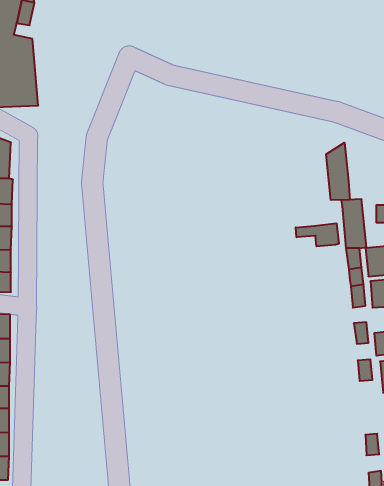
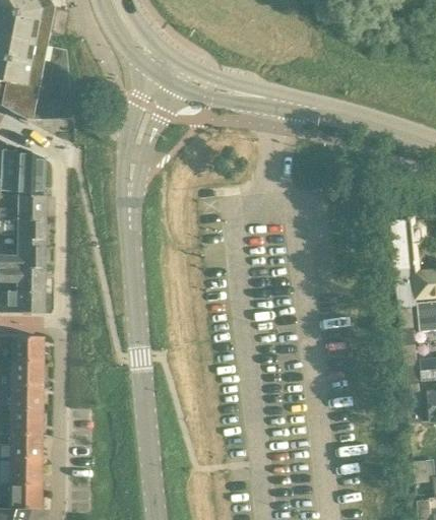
building: [326,143,350,200] -> none
building: [296,223,339,246] -> none

